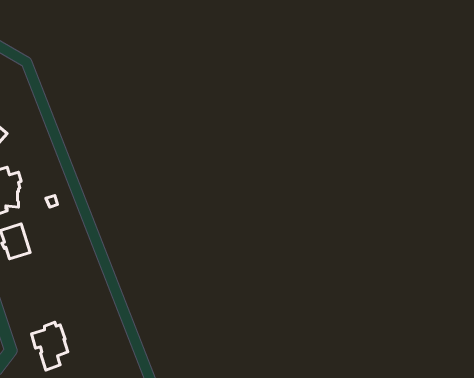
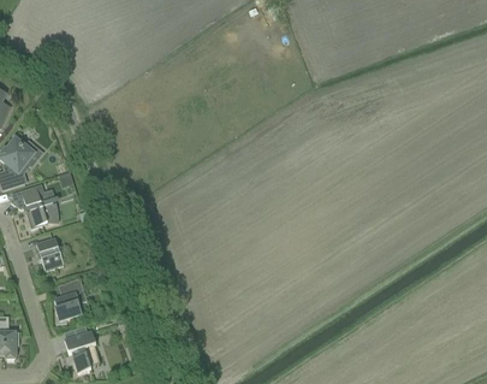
building: none -> [53,277,87,323]

